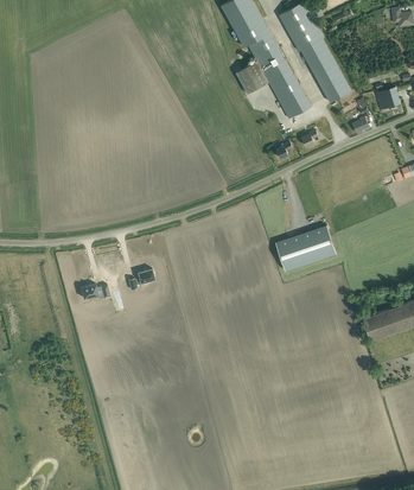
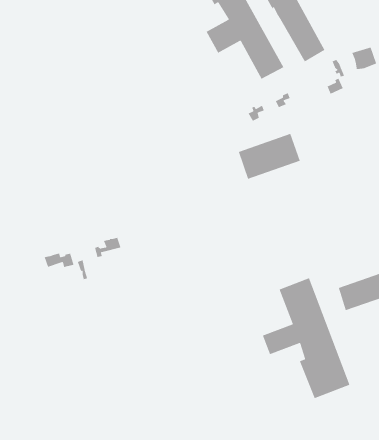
building: [275,225,336,271] -> [238,133,301,180]
building: none -> [262,277,350,399]

